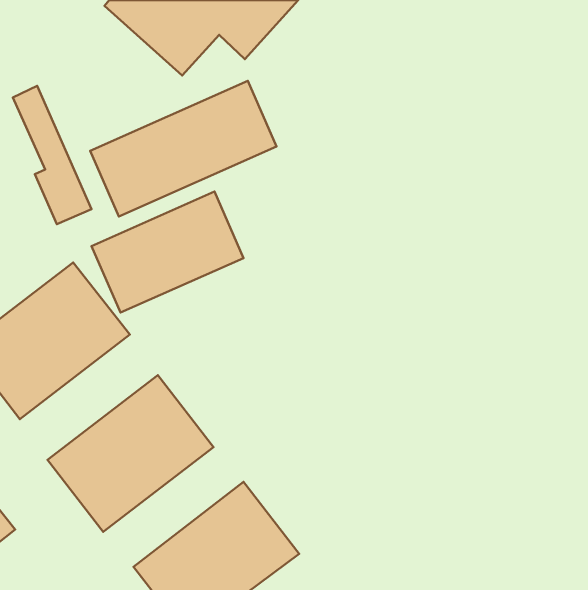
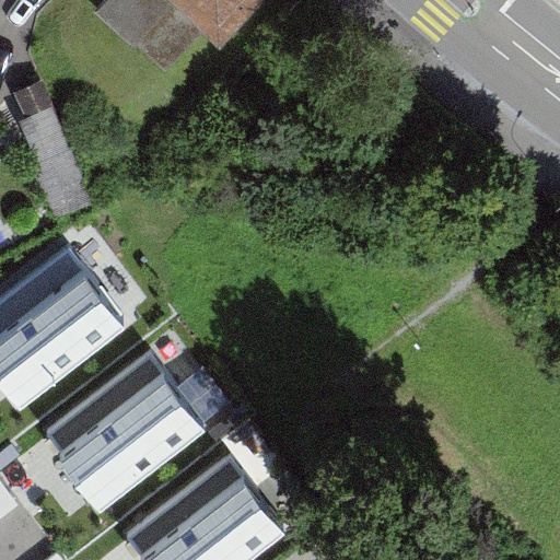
building: [90,81,277,216] -> none
building: [92,192,243,313] -> none

